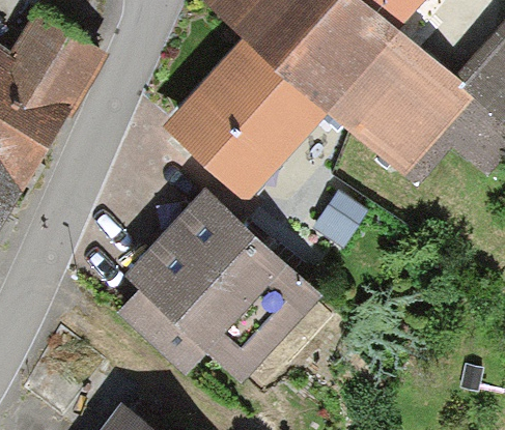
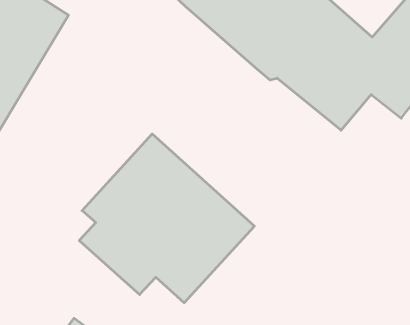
building: [164,46,321,203] -> none

